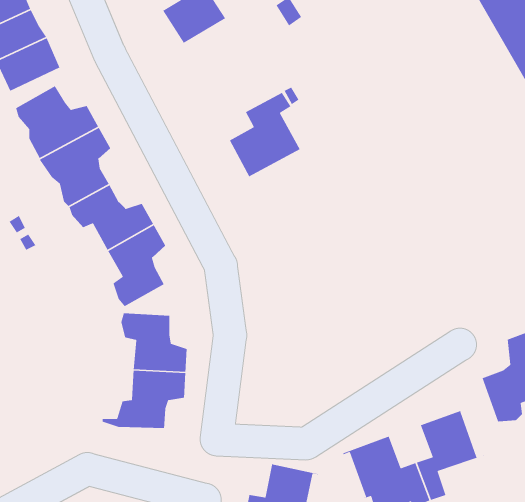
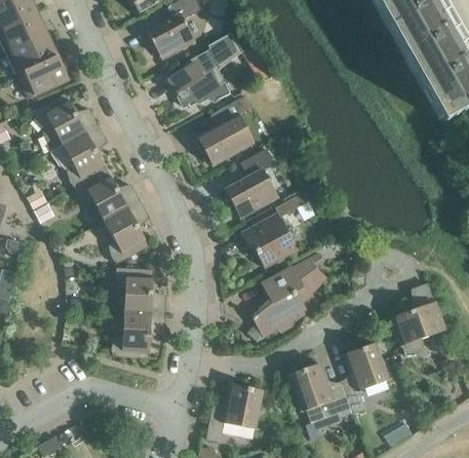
building: none -> [167,32,243,106]
building: none -> [225,147,278,219]
building: none -> [240,212,297,266]
building: none -> [247,252,325,340]

